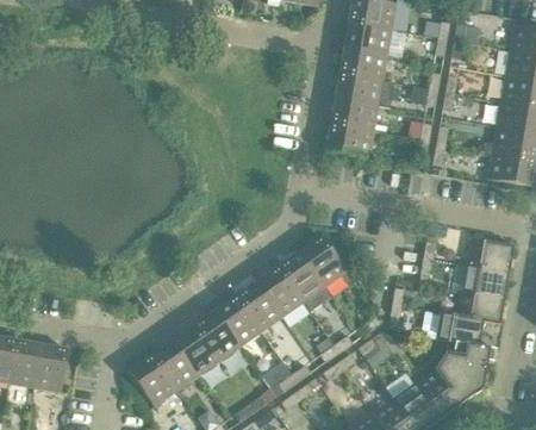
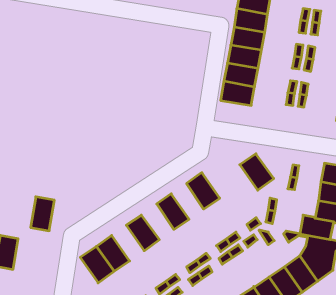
building: [300,236,348,287] -> [240,154,274,190]
building: [257,267,303,317] -> none
building: [216,295,261,345] -> none
building: [174,325,219,375] -> none
building: [36,344,69,392] -> [31,197,54,231]

